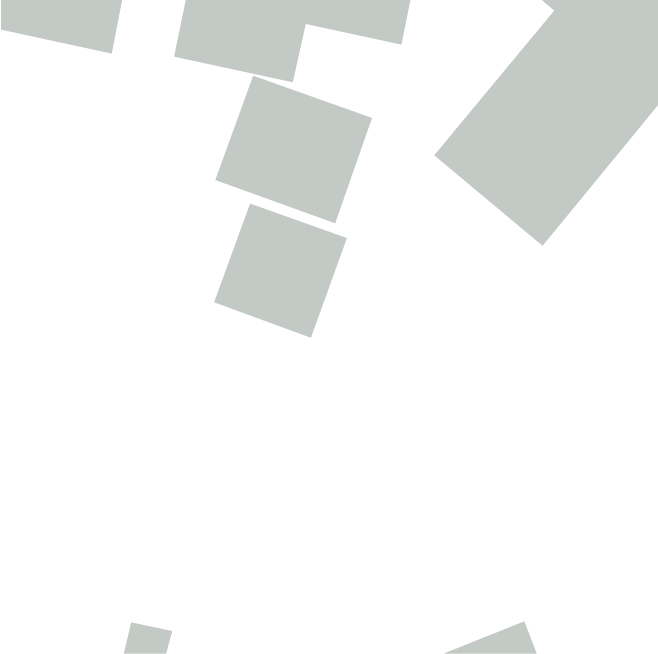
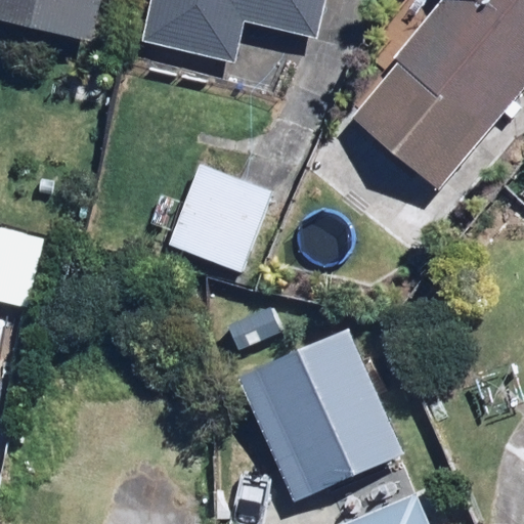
building: [214,75,373,224] -> none
building: none -> [233,319,416,511]

